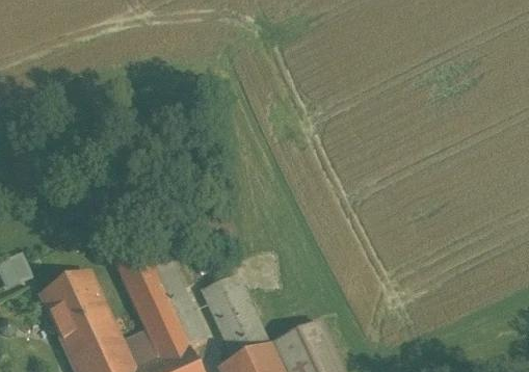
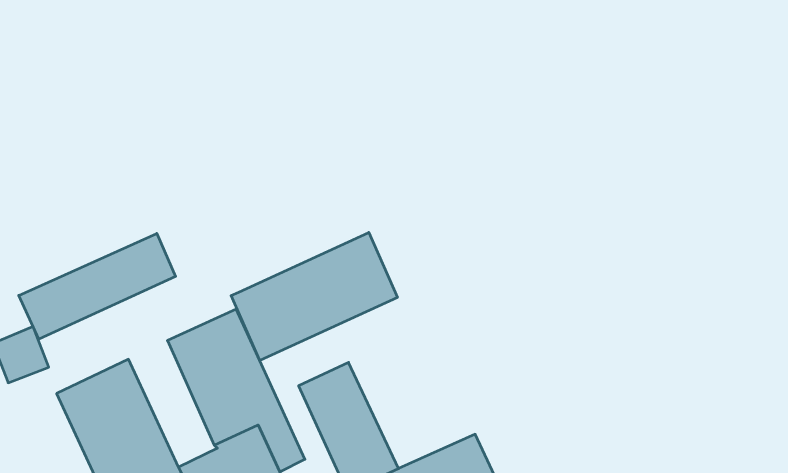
building: none -> [231,232,397,361]
building: none -> [19,233,176,339]

